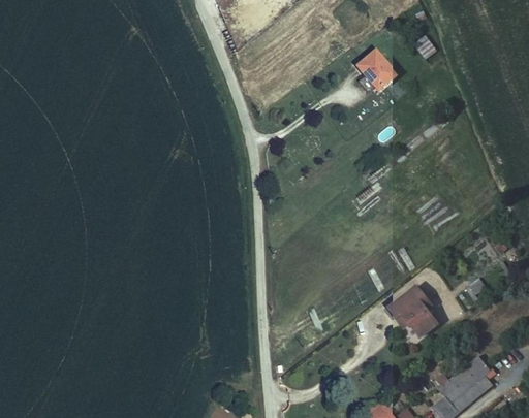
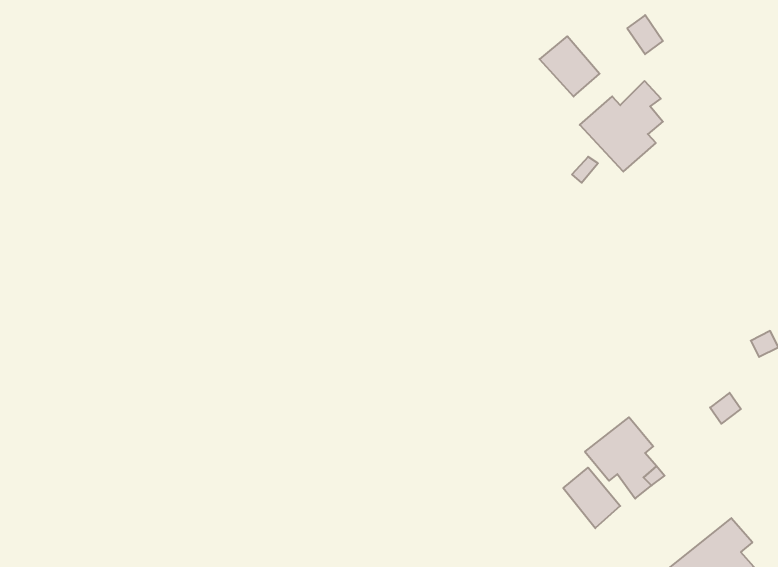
building: none -> [580,81,663,172]
building: none -> [563,468,620,528]

